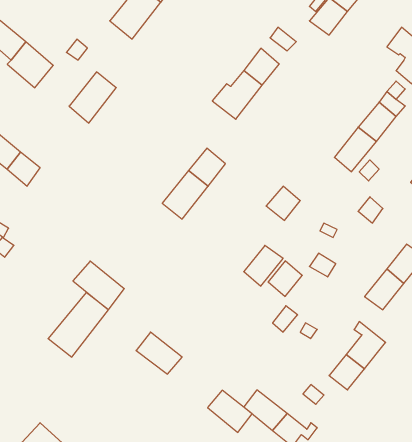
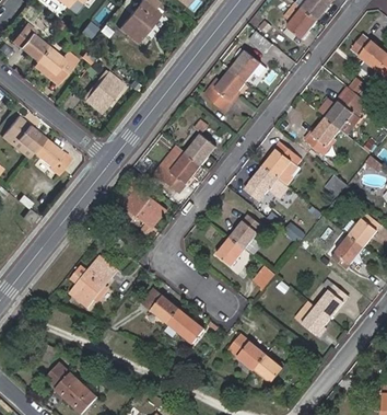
building: none -> [262,143,301,178]
building: [268,261,302,296] -> [215,238,244,267]
building: [73,261,124,310] -> [121,188,164,229]
building: [208,390,252,432] -> [166,309,203,344]

